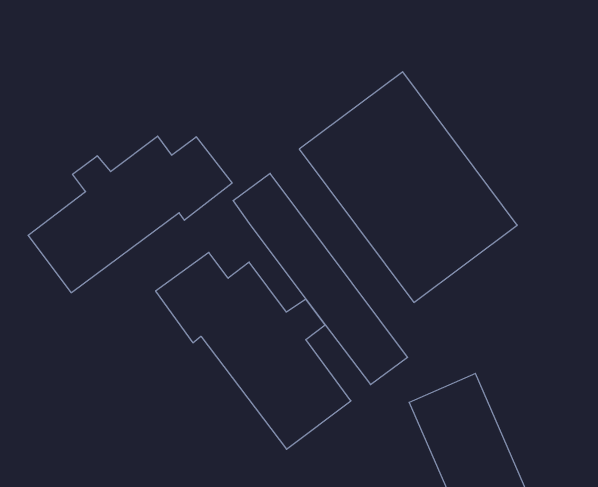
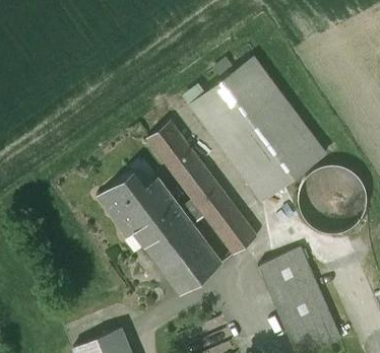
building: [28,136,232,293] -> none
building: none -> [298,165,367,234]

